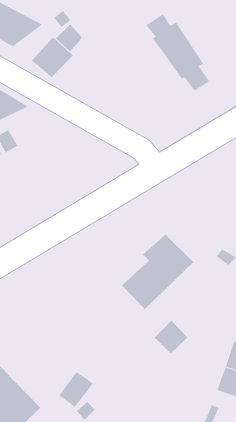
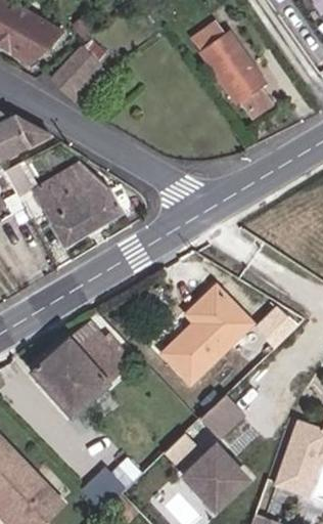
building: none -> [33,164,121,246]
building: none -> [32,324,123,413]
building: none -> [187,447,248,509]

